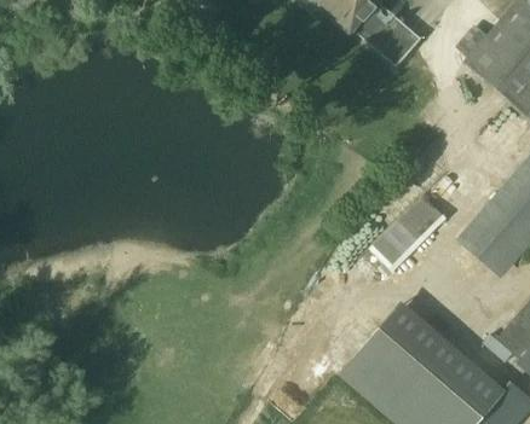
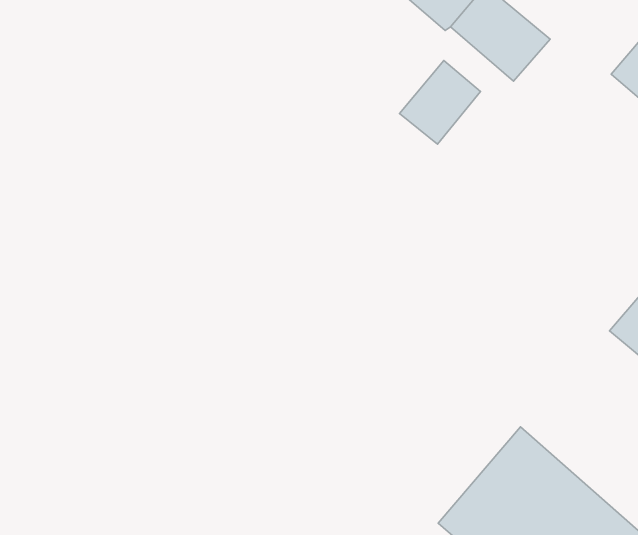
building: none -> [400,61,480,144]
building: [373,198,438,263] -> none

